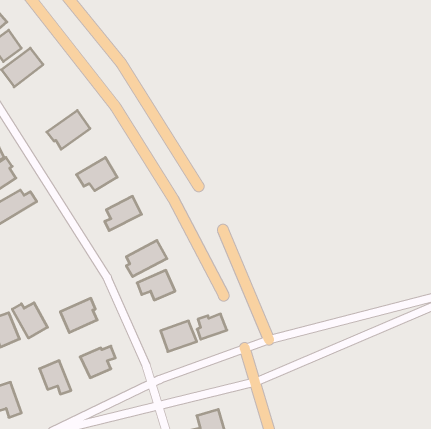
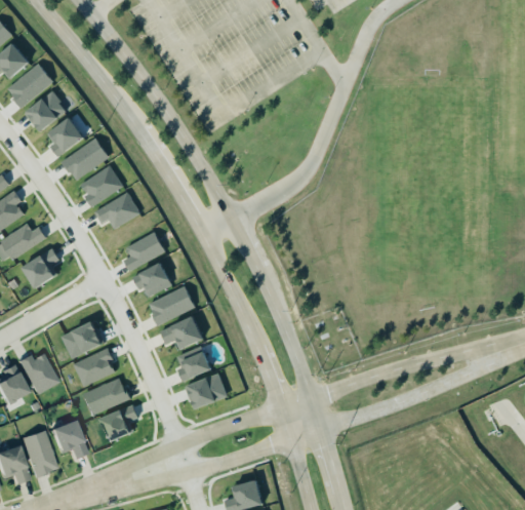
building: none -> [24,87,66,128]
building: none -> [47,118,84,155]
building: none -> [81,165,124,207]
building: none -> [23,249,60,288]
building: none -> [132,263,172,297]
building: none -> [62,321,105,358]
building: [197,314,227,339] -> [178,352,212,381]
building: none -> [83,378,130,415]
building: none -> [19,427,56,474]

